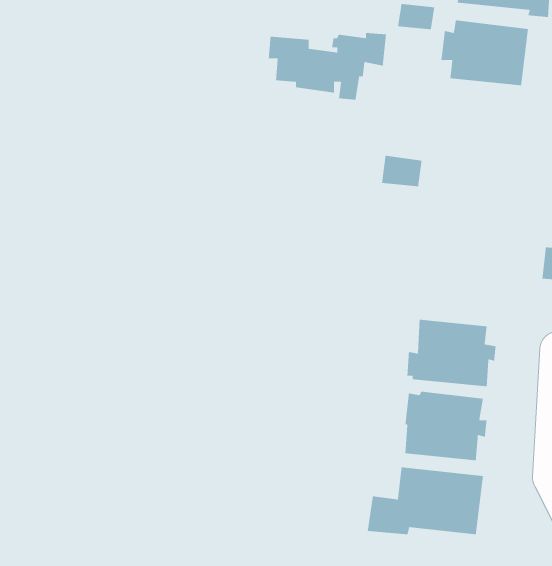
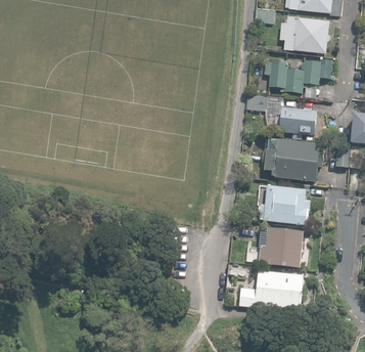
building: [268,32,387,101] -> [265,58,332,97]
building: none -> [279,105,316,135]
building: none -> [264,138,323,182]

